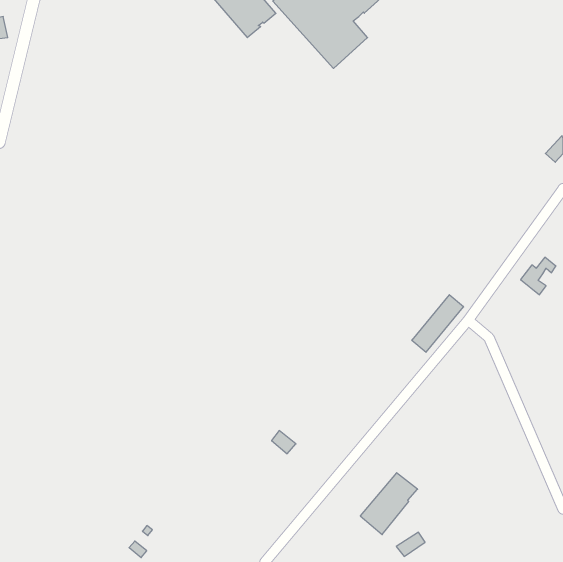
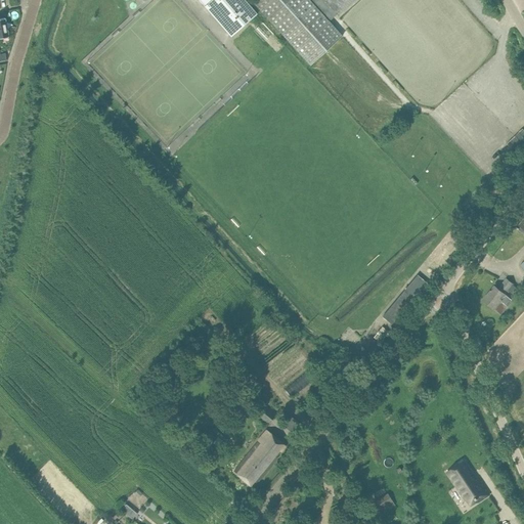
building: [521,257,556,295] -> [483,277,516,312]
building: [360,473,418,535] -> [231,429,285,486]
building: none -> [448,458,487,499]

